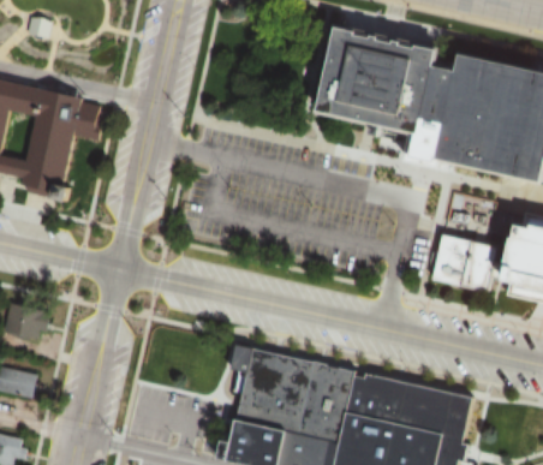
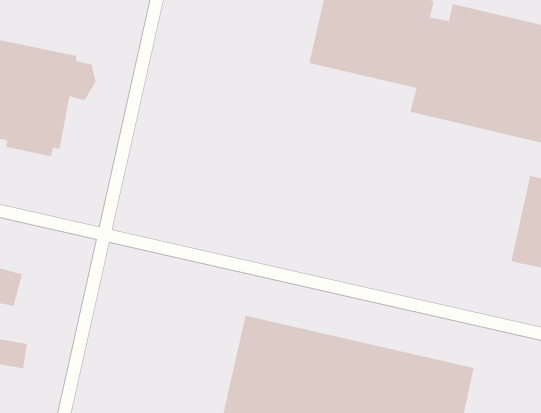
building: [430,233,497,291] -> none

